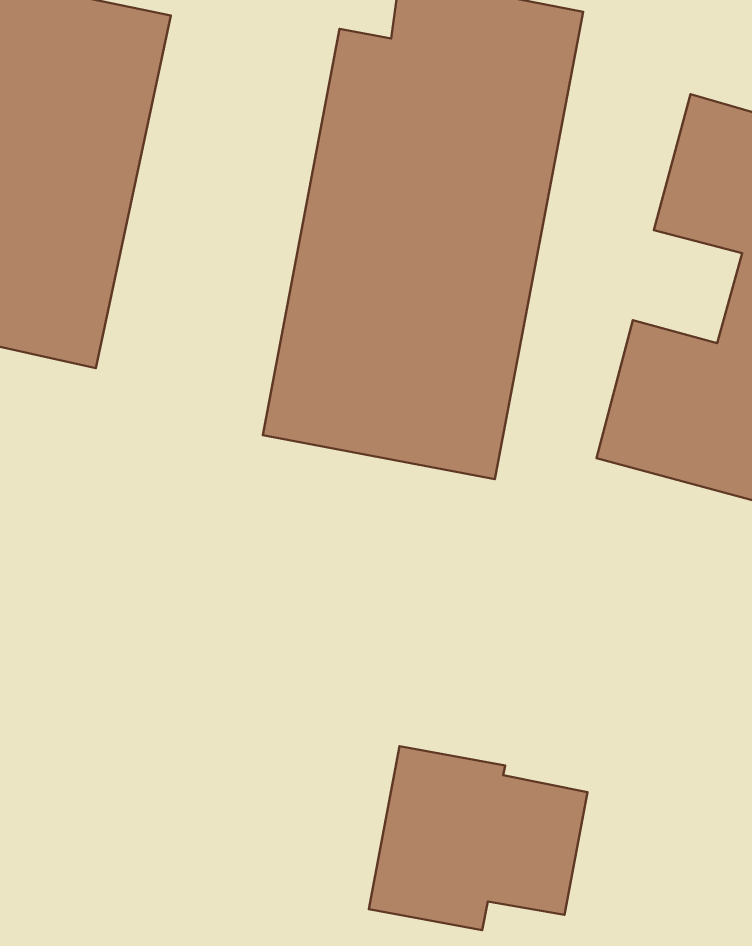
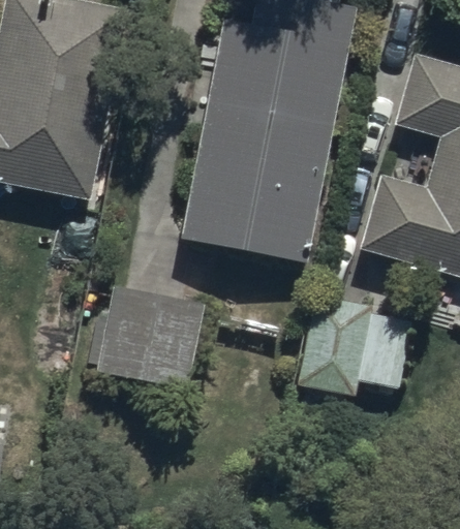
building: none -> [98,285,200,385]
building: [369,746,588,930] -> [297,298,415,397]

